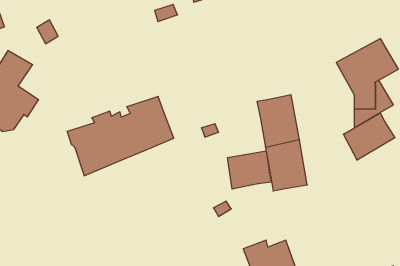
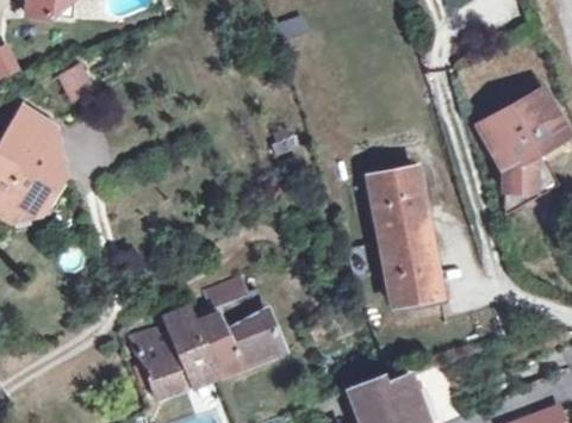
building: [67,97,174,176] -> [130,290,279,400]
building: [343,113,395,160] -> none
building: [228,151,271,189] -> none

